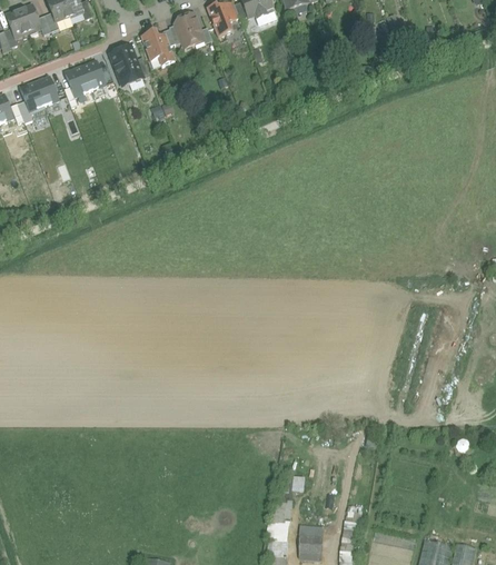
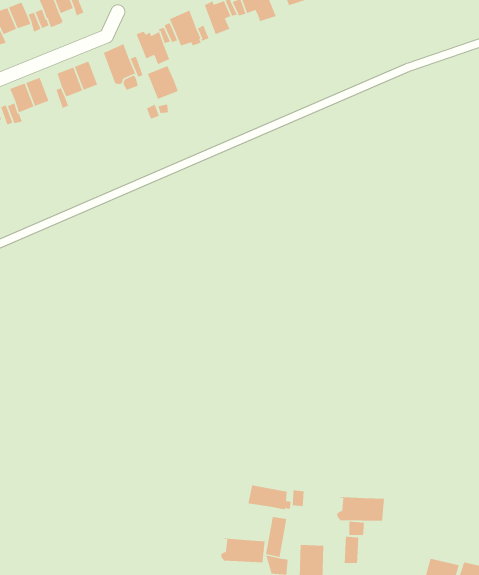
building: none -> [147,65,179,100]
building: none -> [247,485,291,510]
building: none -> [336,496,385,522]
building: none -> [221,538,266,563]

